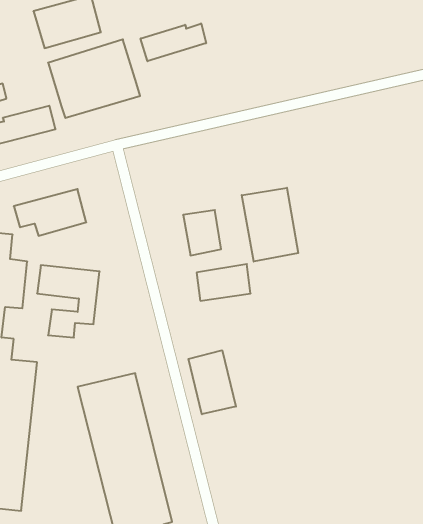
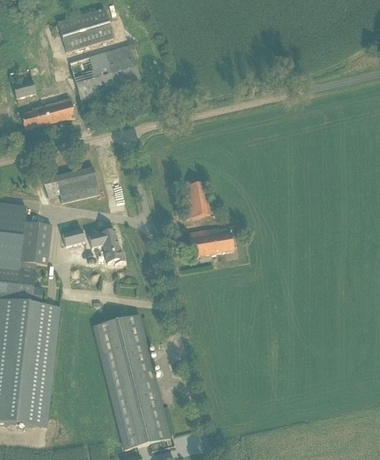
building: [141,23,206,61] -> none
building: [242,188,298,262] -> none
building: [188,350,236,414] -> none

